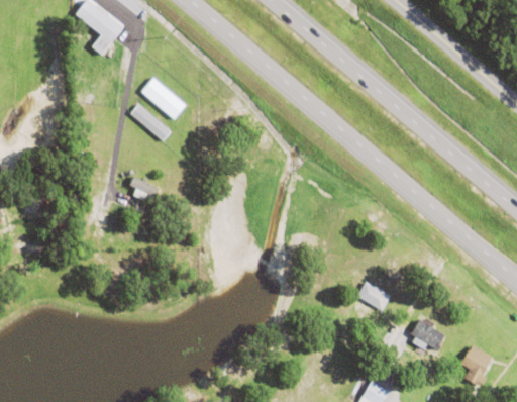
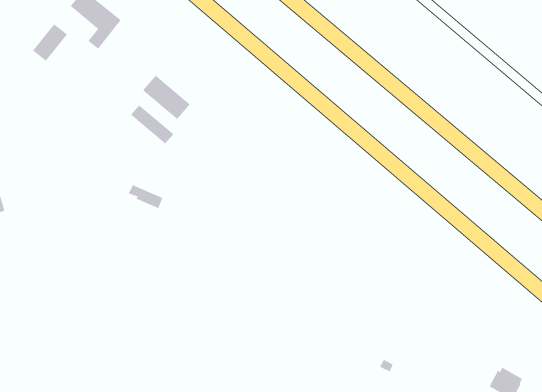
building: none -> [32,23,68,62]
building: [356,282,390,311] -> none
building: [411,319,445,351] -> none

